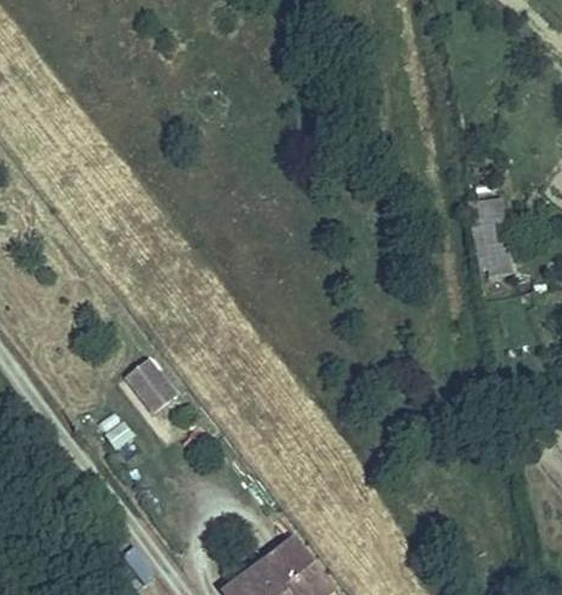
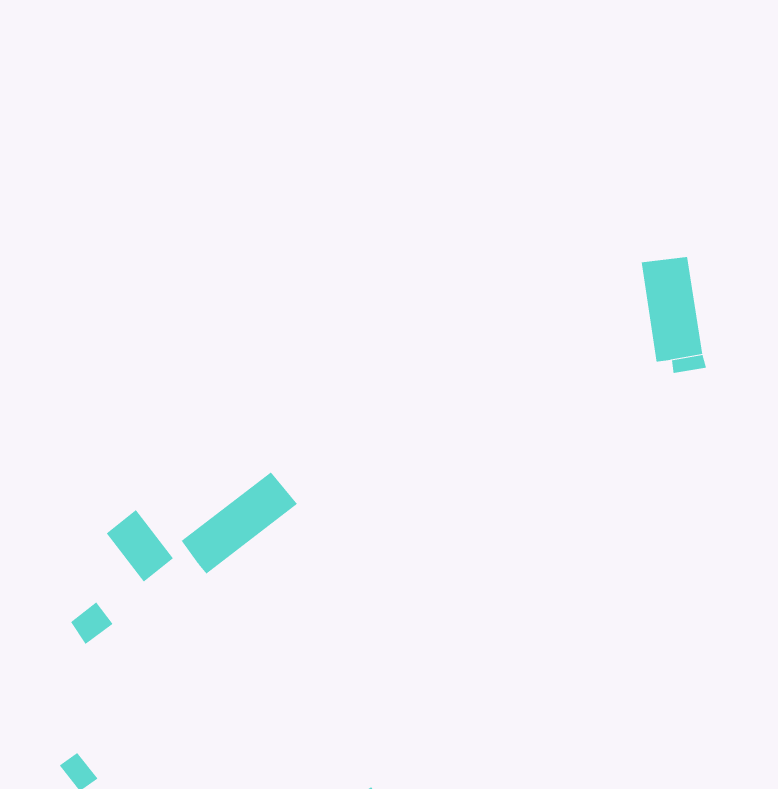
building: none -> [181,472,298,575]

